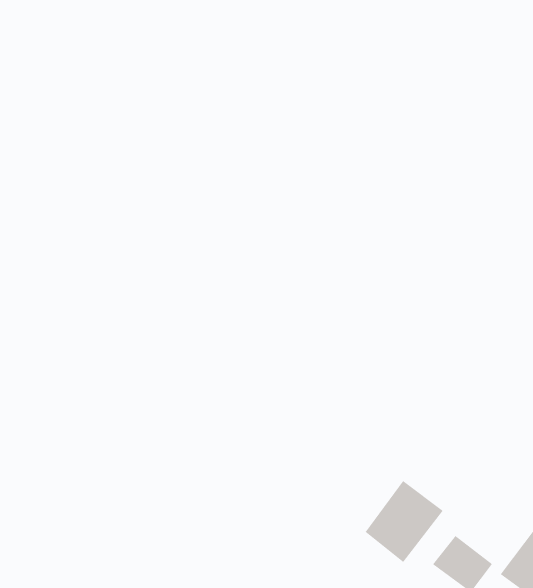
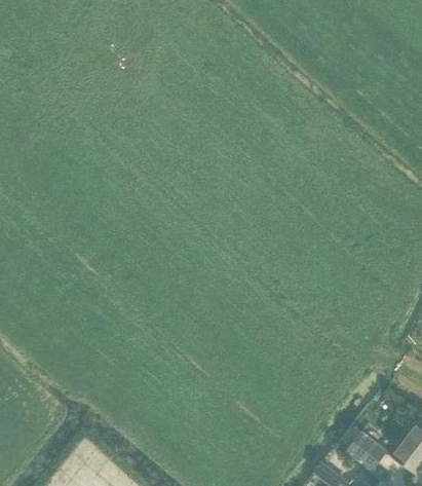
building: [365,480,444,563] -> none

